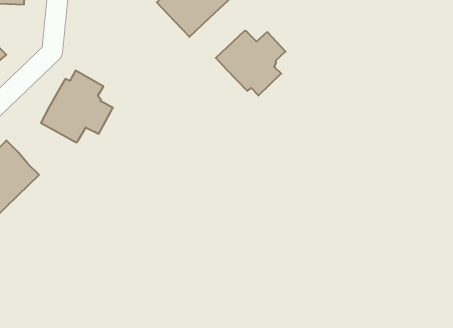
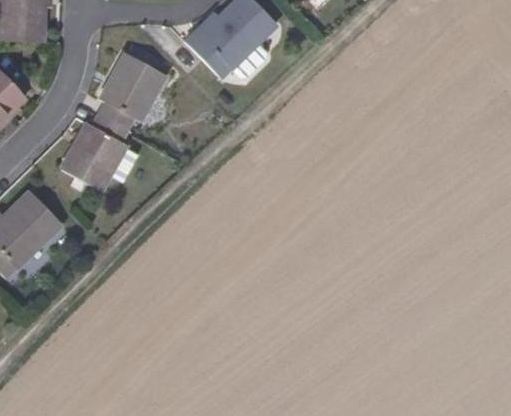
building: none -> [98,52,164,130]
building: [216,31,286,96] -> none

